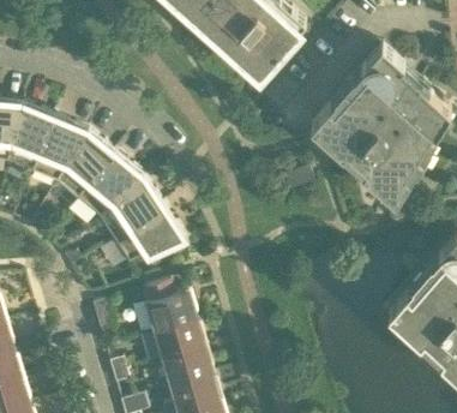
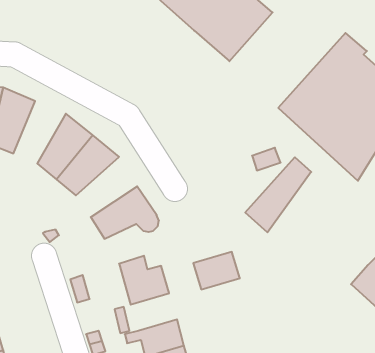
building: [32,118,88,184] -> none
building: [98,176,163,240] -> none
building: none -> [245,157,311,232]
building: [156,321,205,360] -> [193,252,240,289]

